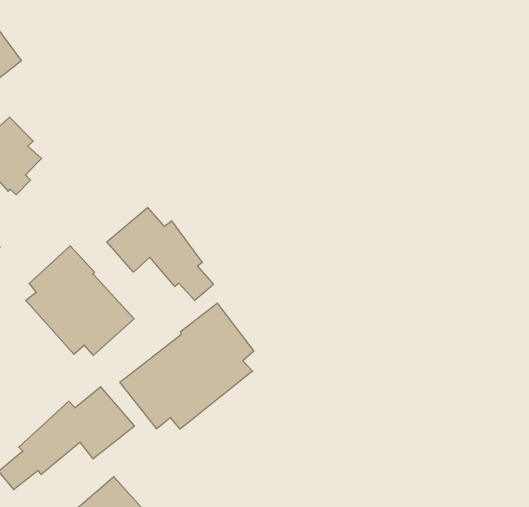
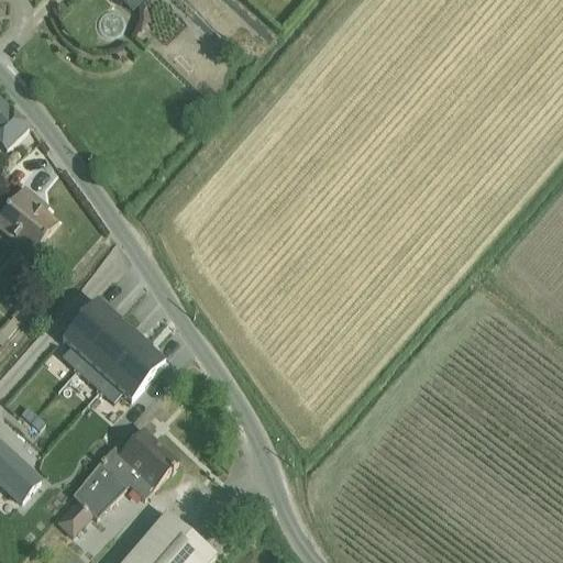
building: [107,207,213,301] -> none
building: [120,303,254,429] -> none

